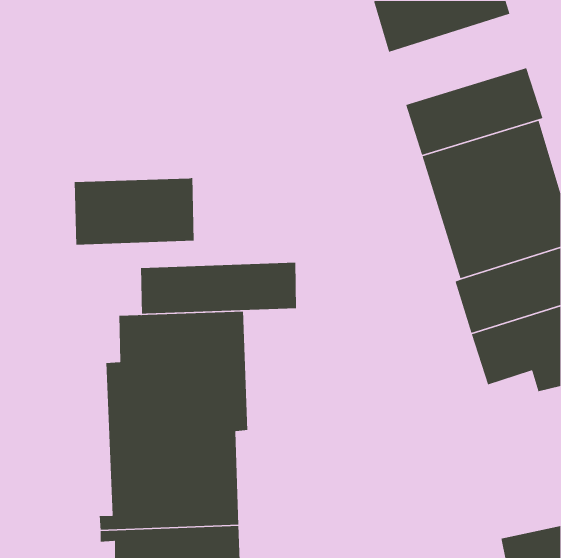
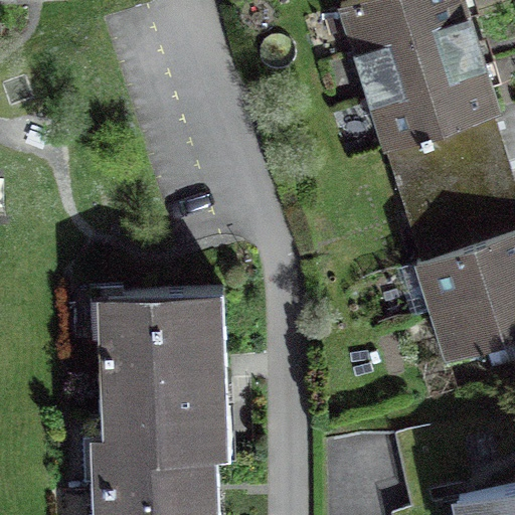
building: none -> [356,16,483,99]
building: [74,177,195,245] -> none
building: [140,262,297,314] -> none

